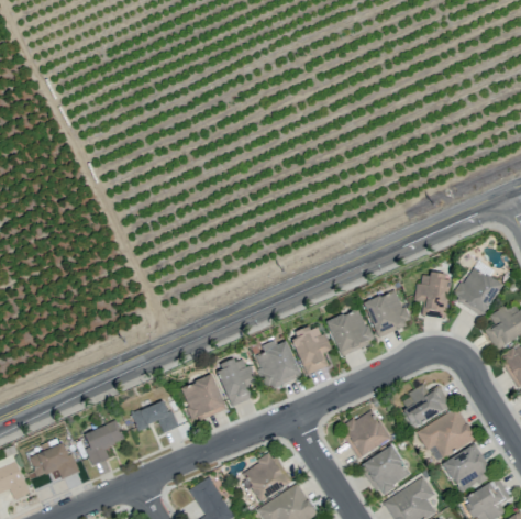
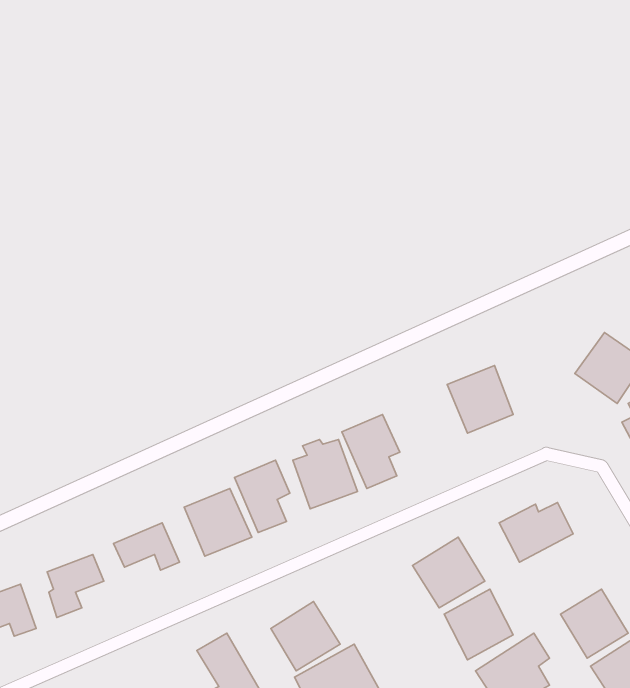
building: [417,273,451,318] -> none
building: [326,308,374,354] -> none
building: [412,408,476,464] -> none

